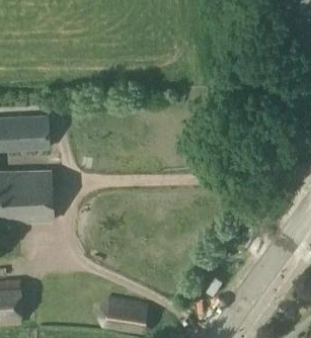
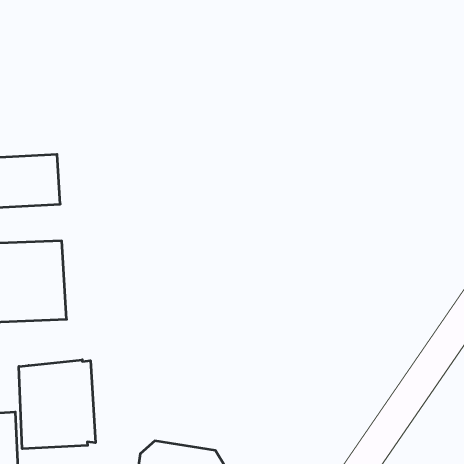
building: none -> [19,360,95,449]

